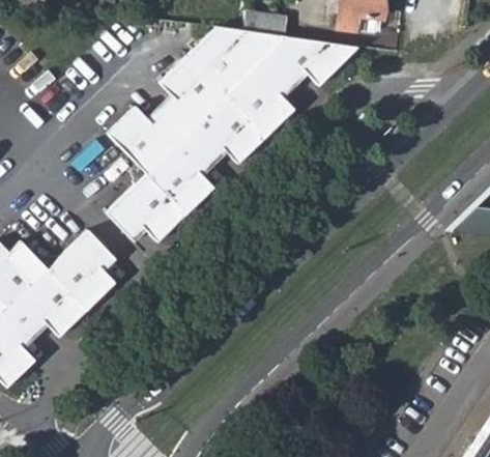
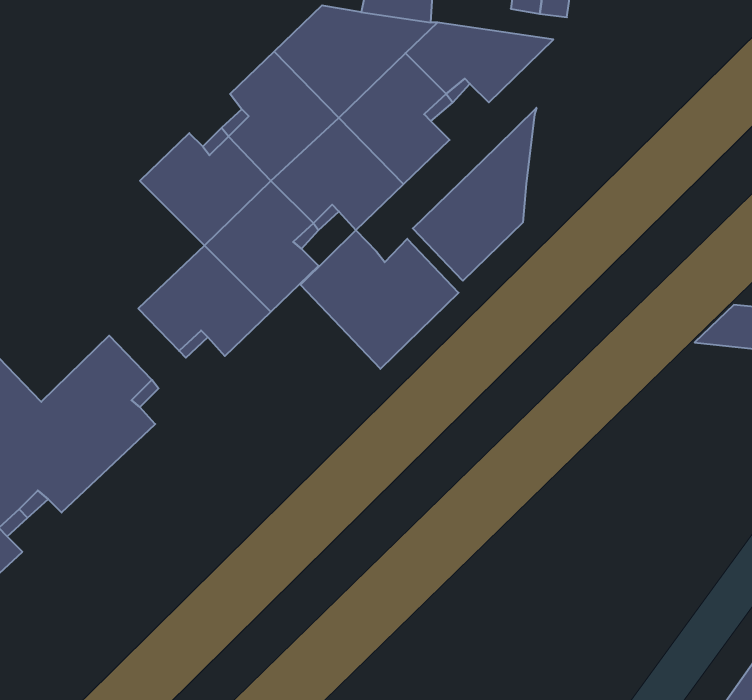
building: none -> [413,108,536,281]
building: none -> [300,230,459,369]

